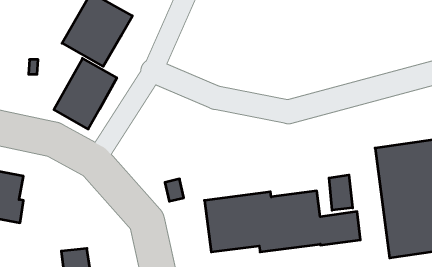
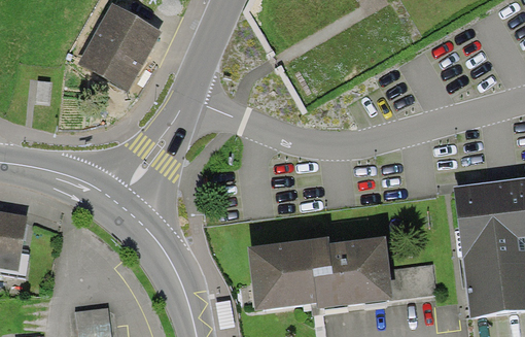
building: [54,58,117,129] -> none
building: [329,175,353,210] -> none

